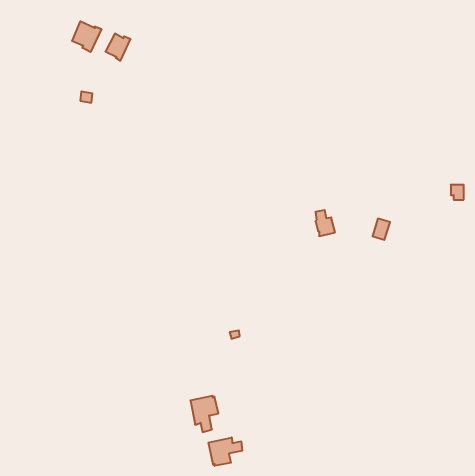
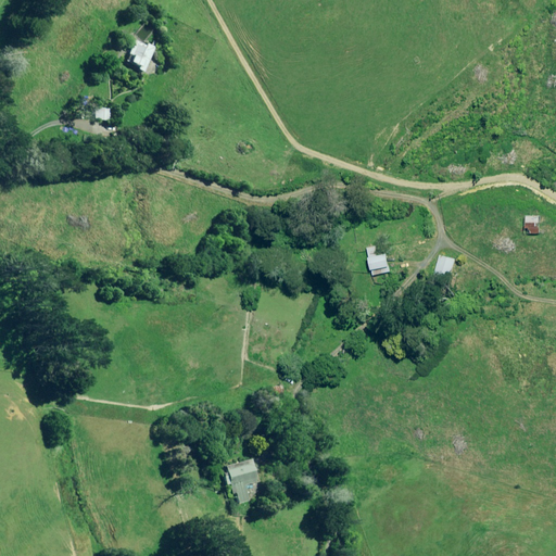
building: [72,21,101,52] -> none
building: [209,437,242,466] -> none

